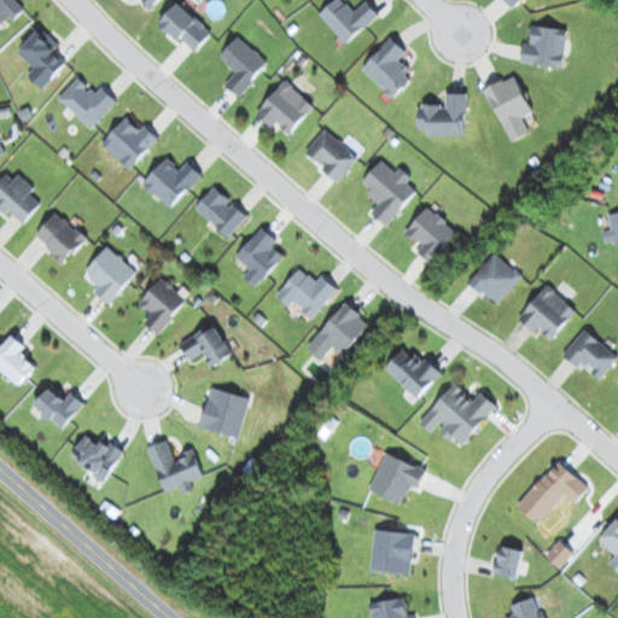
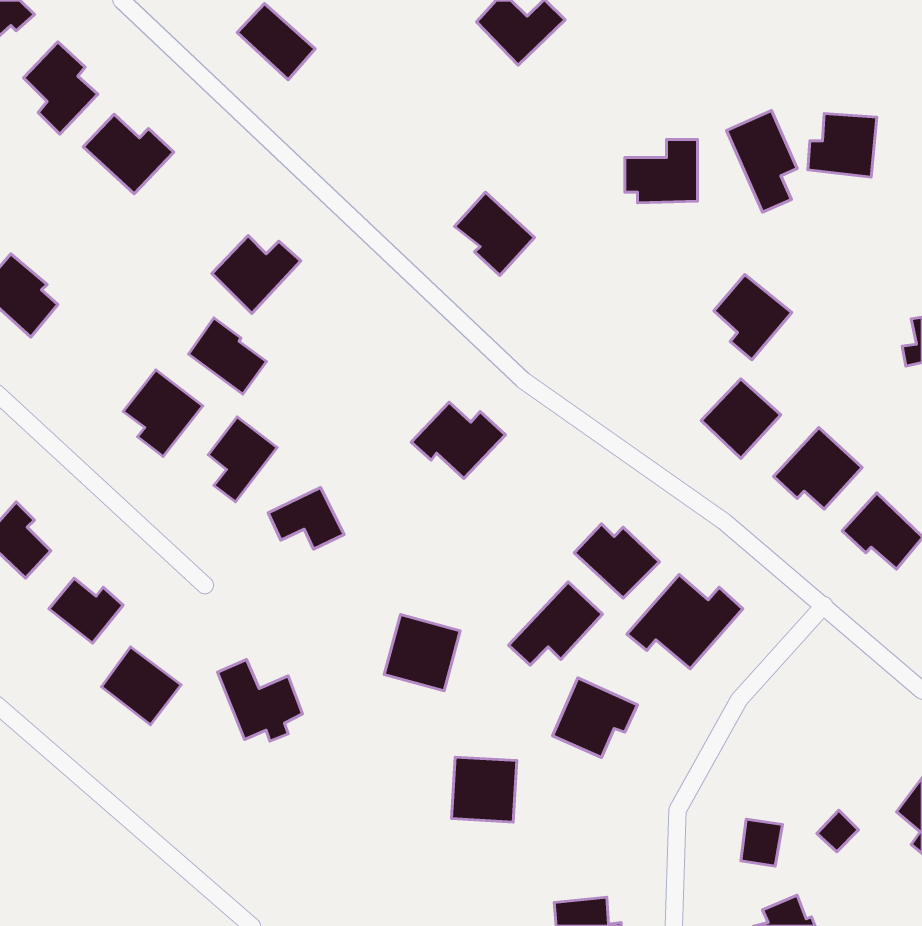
building: [519,25,565,68] -> [808,114,877,177]
building: [218,36,267,97] -> none
building: [360,36,412,98] -> none
building: [255,80,313,138] -> none
building: [100,116,157,169] -> none
building: [361,159,415,227] -> none
building: [193,186,245,237] -> [188,318,266,394]
building: [404,206,456,263] -> [714,275,792,360]
building: [33,211,84,262] -> none
building: [234,226,280,287] -> none
building: [305,303,368,358] -> [508,582,603,665]
building: [197,386,247,437] -> [384,615,460,691]
building: [517,460,588,524] -> none
building: [369,530,413,573] -> [452,757,517,822]

